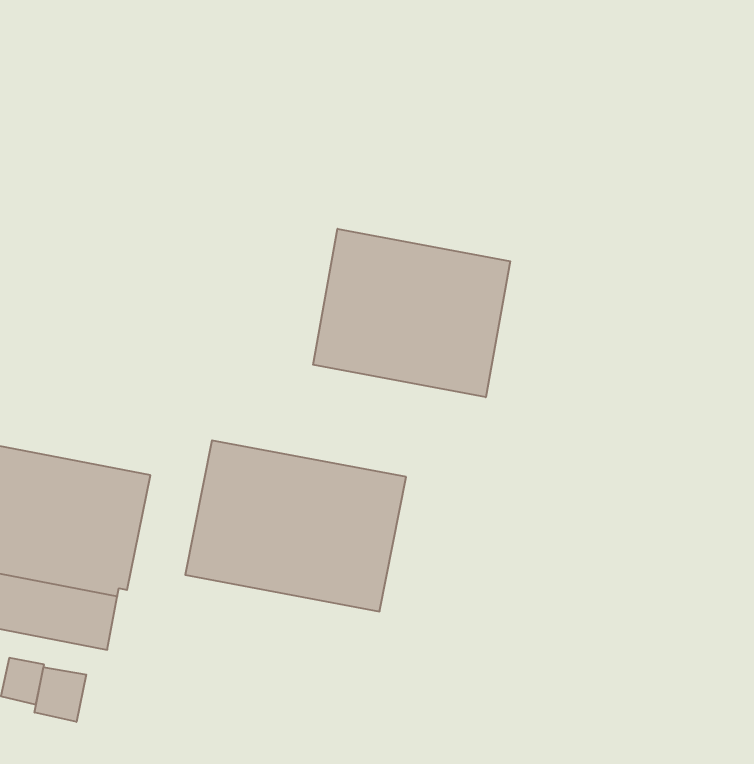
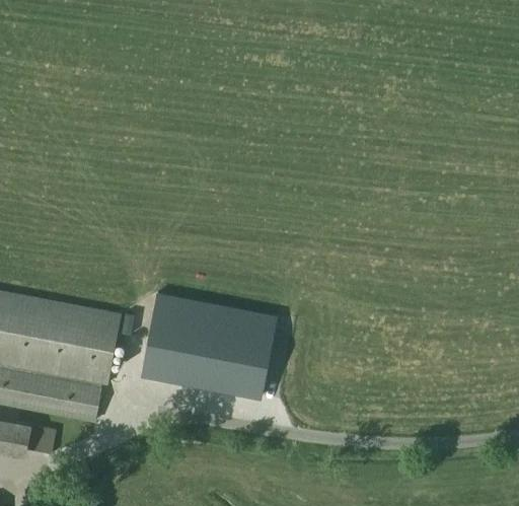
building: [313,229,510,397] -> none
building: [35,667,86,722] -> none

